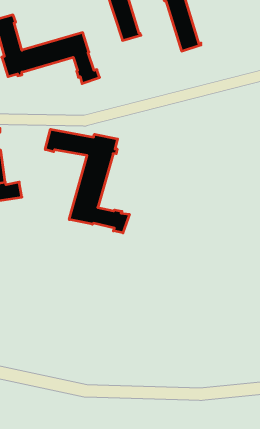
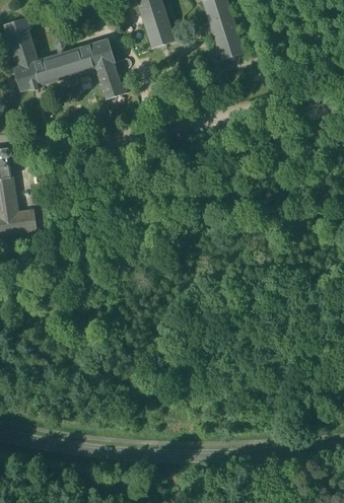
building: [45,129,129,233] -> none

